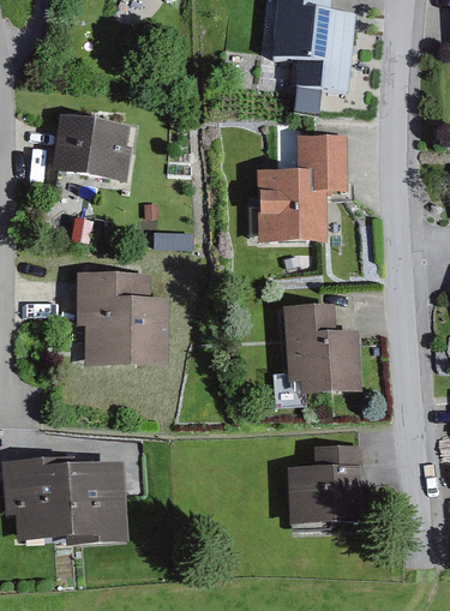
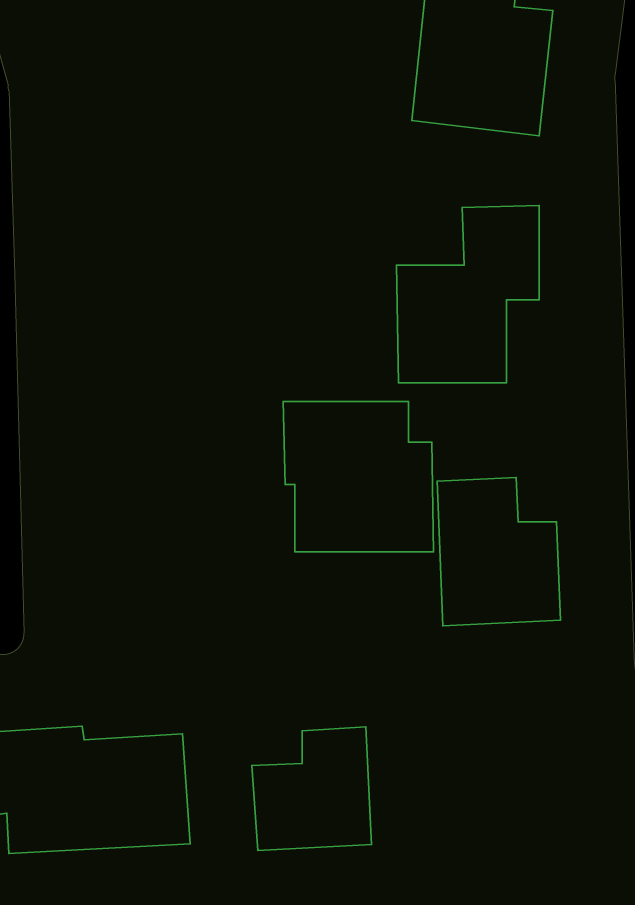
building: [53,116,131,178] -> none
building: [76,272,169,366] -> [283,402,434,552]
building: [288,447,362,523] -> [252,727,371,850]

